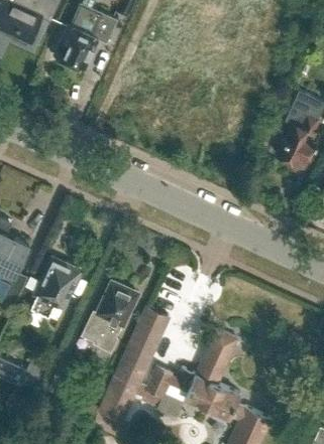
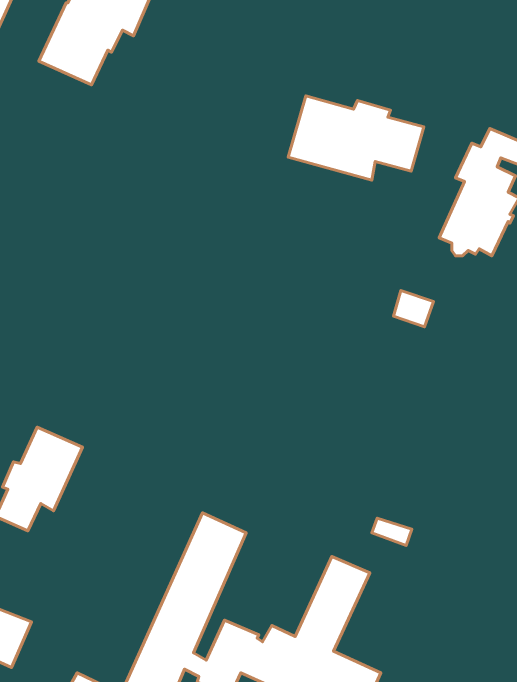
building: none -> [288,96,424,180]
building: [82,283,136,353] -> none

